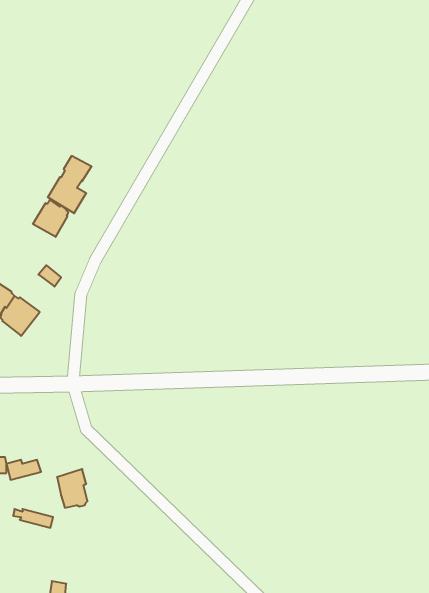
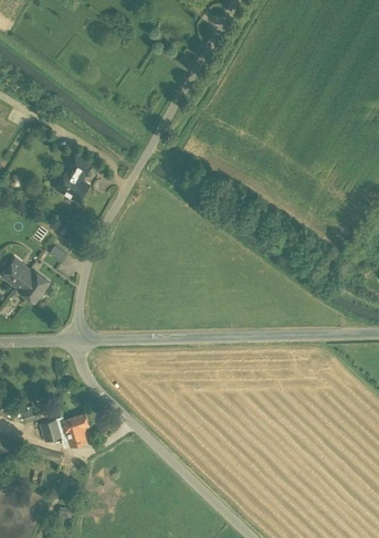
building: [33,200,68,237] -> none
building: none -> [40,418,67,442]

